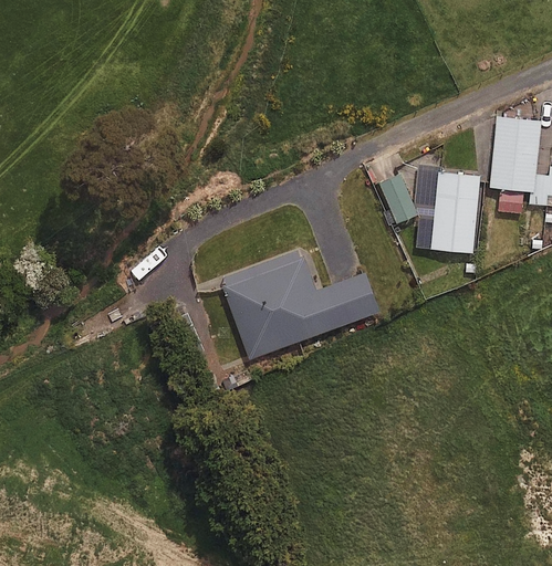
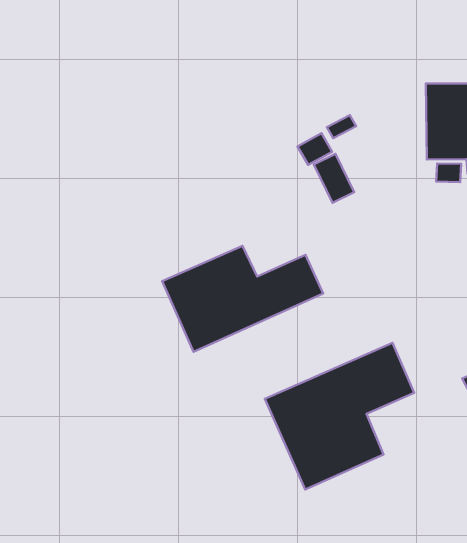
building: [415,168,479,252] -> none
building: none -> [265,343,414,490]

